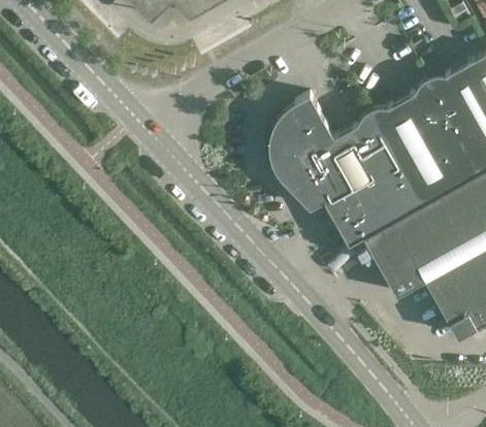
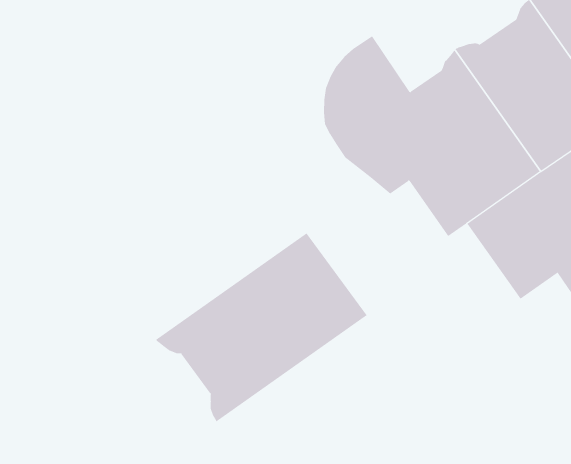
building: none -> [155,232,368,423]

